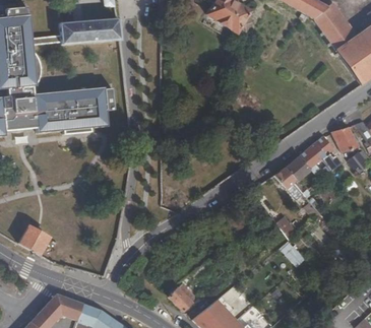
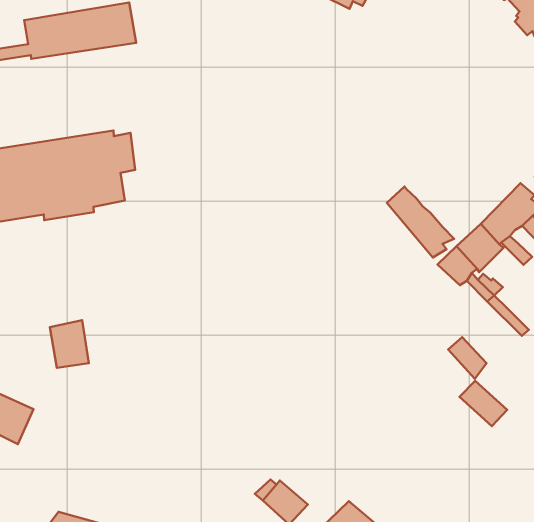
building: none -> [387,187,454,257]
building: none -> [50,320,89,368]

